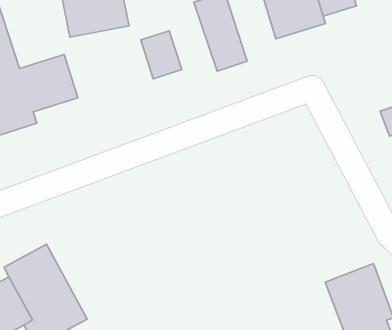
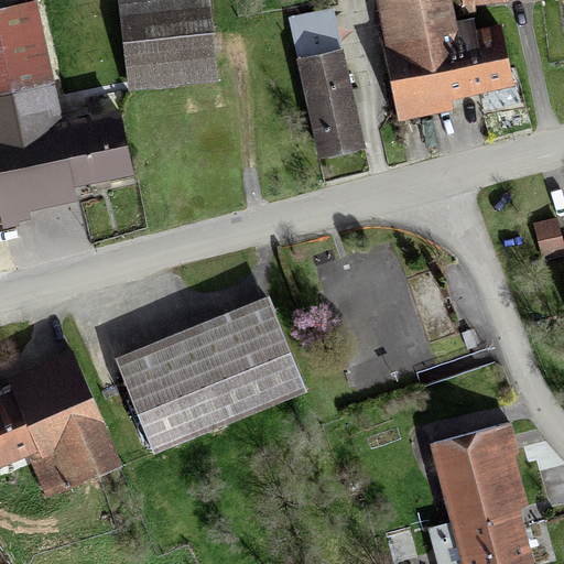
building: [141,31,182,79] -> none
building: none -> [120,303,299,446]

